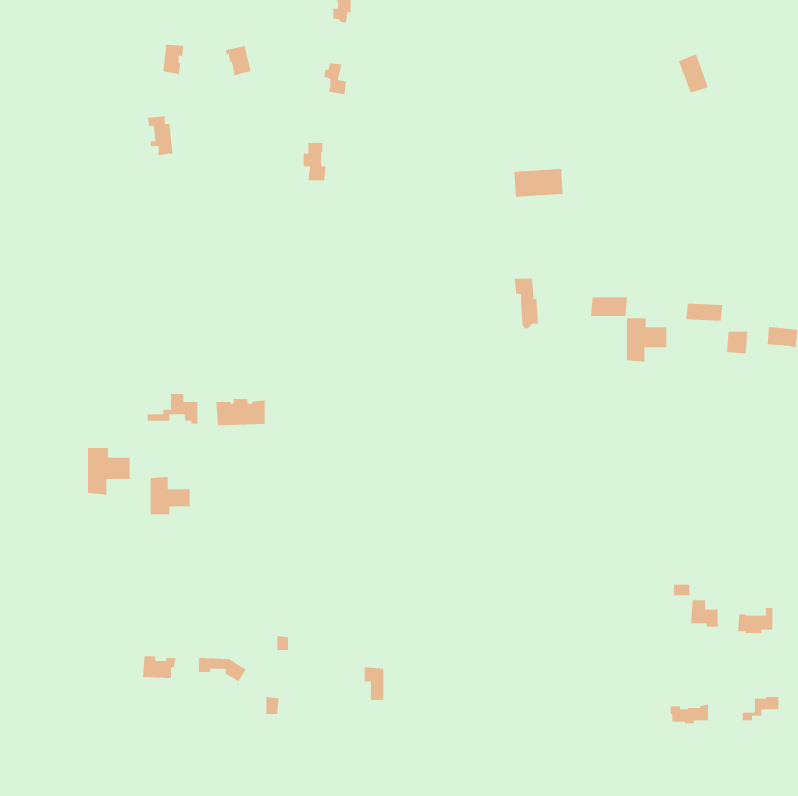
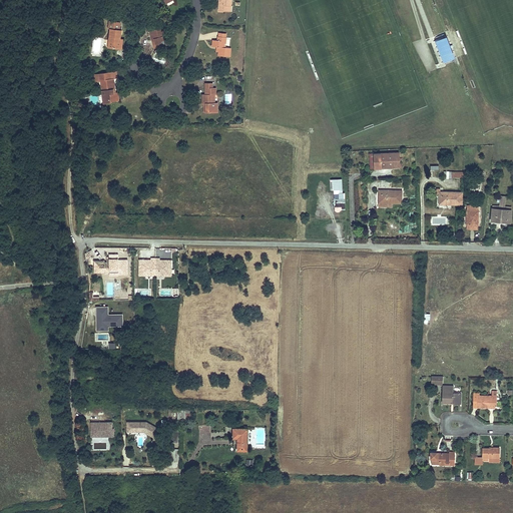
building: [514,168,564,198] -> [369,151,401,170]
building: [626,318,667,363] -> none
building: [87,447,130,495] -> none

